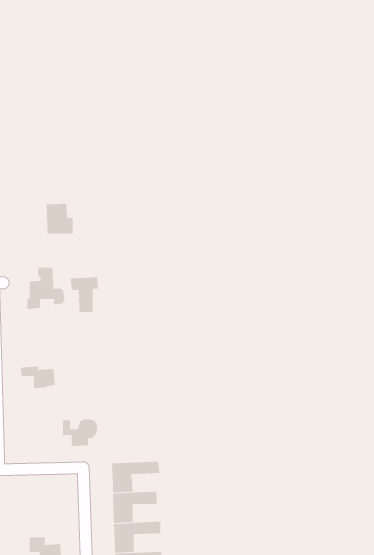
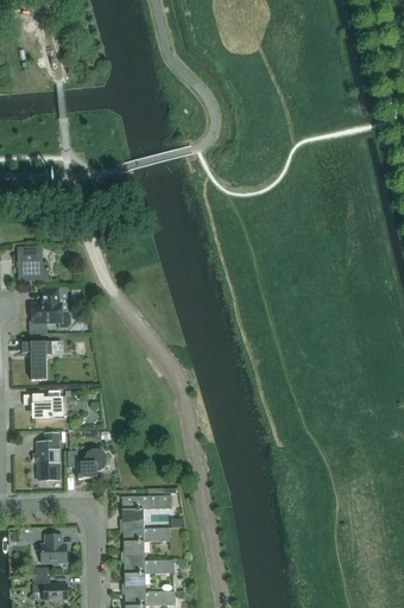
building: [46,203,74,234] -> [18,247,48,280]
building: [70,277,99,313] -> [21,342,52,380]
building: none -> [37,433,59,481]
building: none -> [40,534,67,563]

